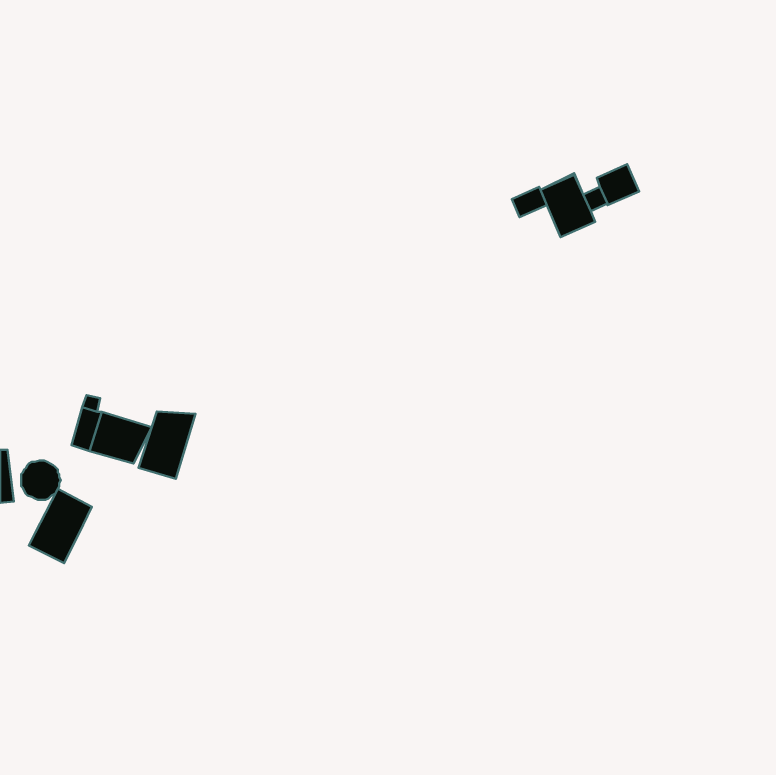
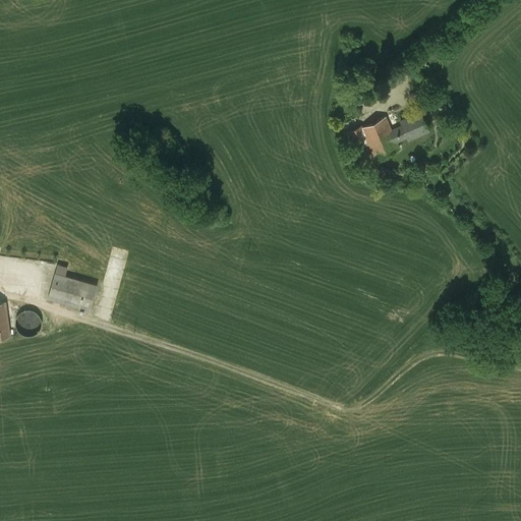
building: [139,411,196,479] -> none
building: [29,489,92,563] -> none

